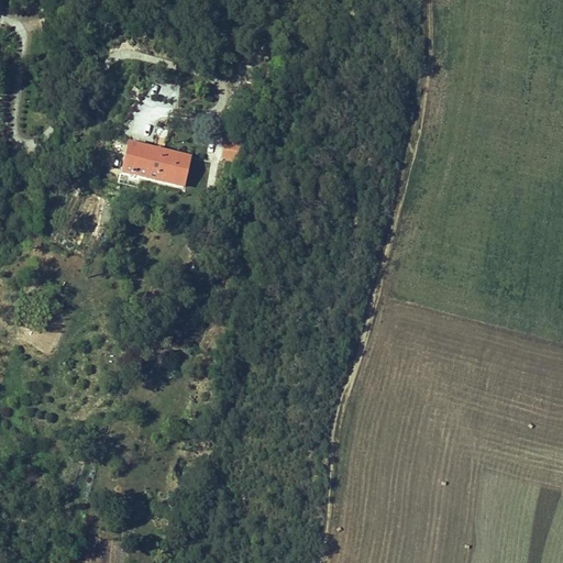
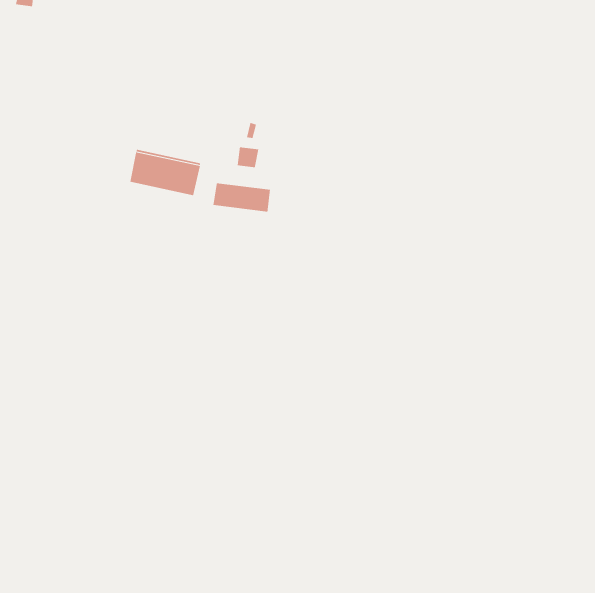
building: none -> [213,182,270,213]

